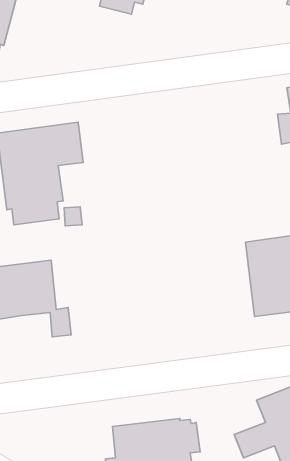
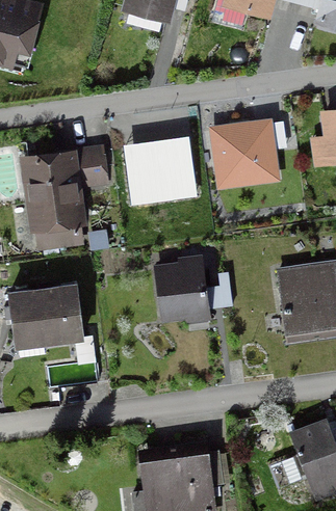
building: none -> [208,117,287,190]
building: none -> [123,135,197,206]
building: none -> [155,254,233,320]

